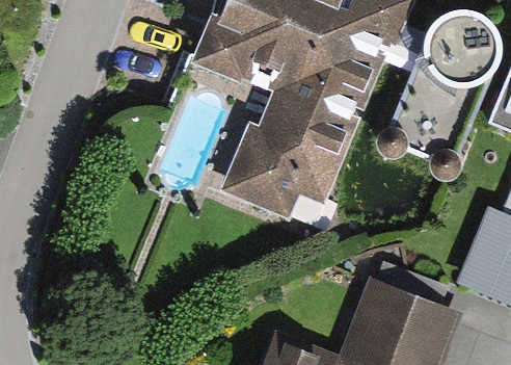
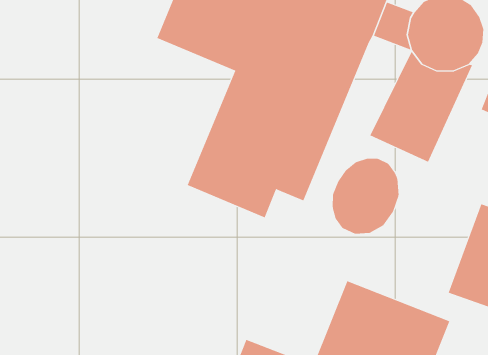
building: none -> [332,158,399,235]

